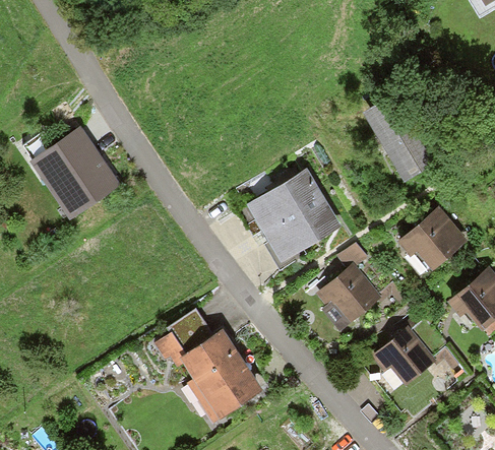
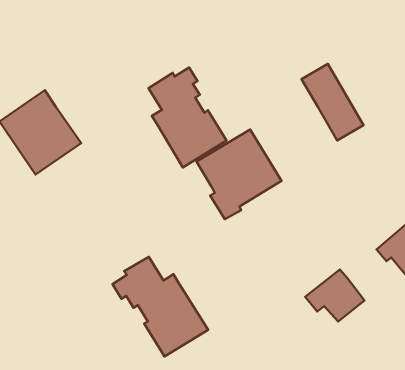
building: none -> [149,68,226,168]
building: [399,208,466,268] -> none
building: [317,239,382,327] -> none

